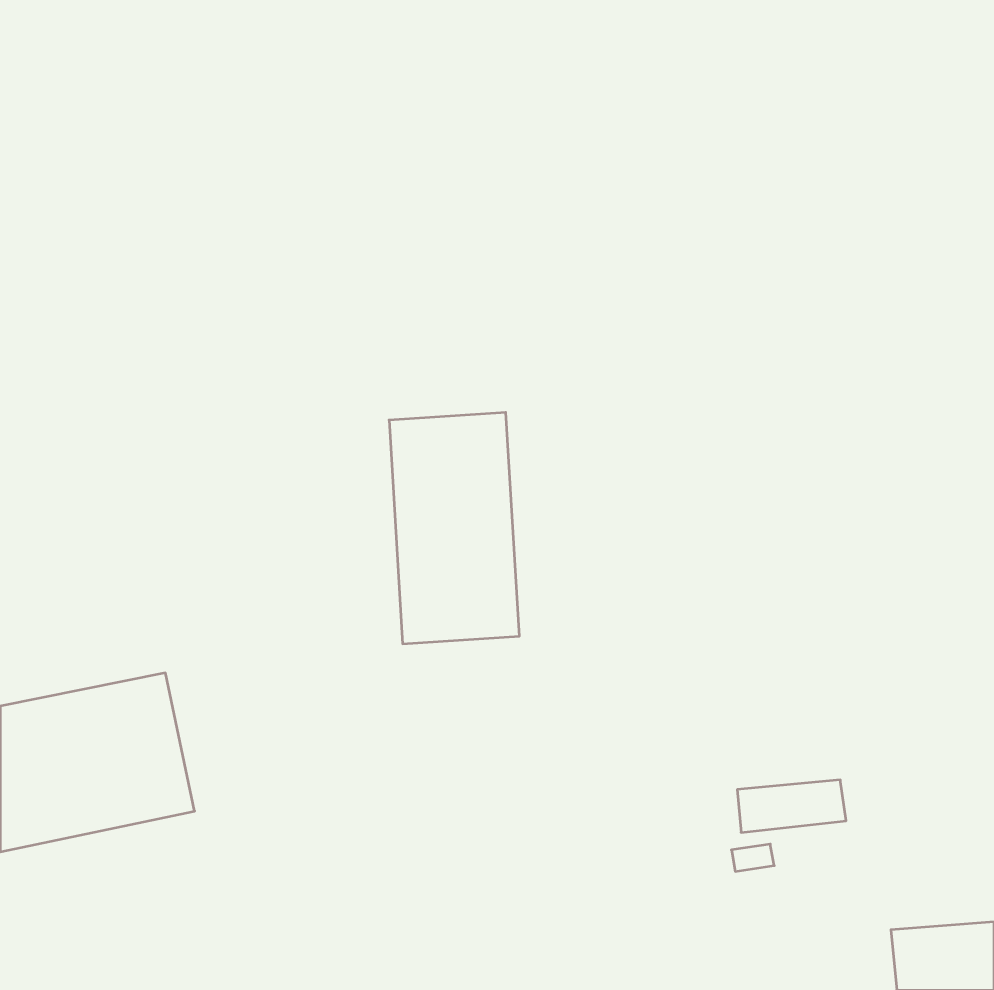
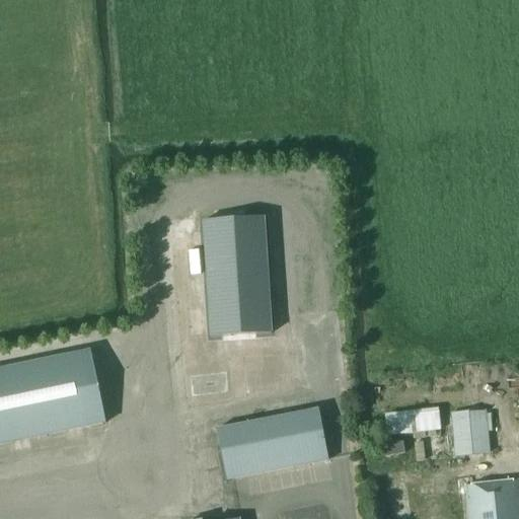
building: none -> [217,406,328,478]
building: none -> [451,407,490,455]

